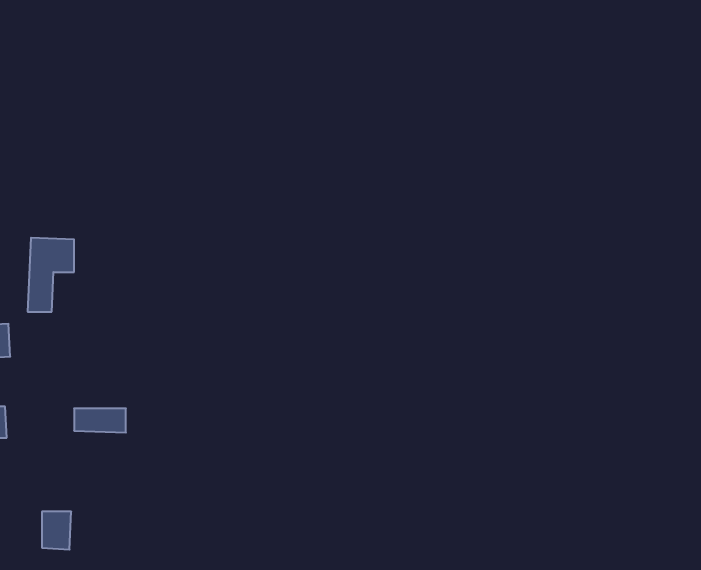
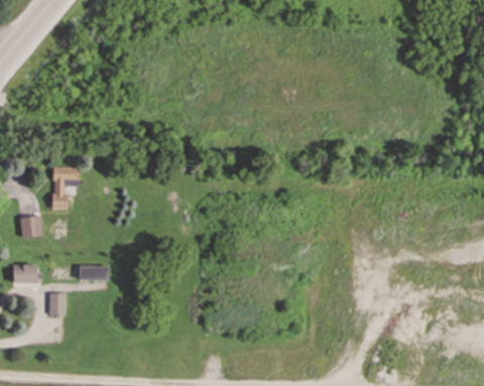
building: [42,512,71,550] -> [48,293,66,315]

